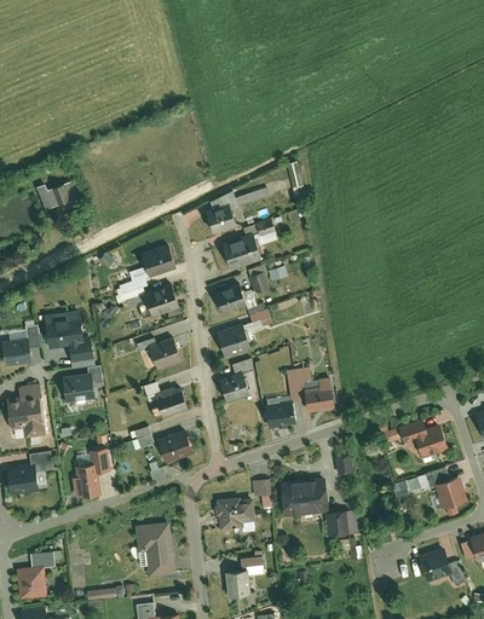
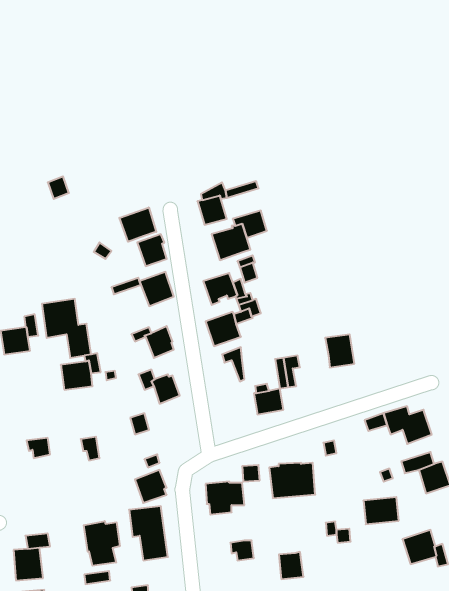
building: none -> [119,207,156,242]
building: [215,372,248,403] -> none
building: [302,377,333,411] -> [325,334,354,367]
building: [8,383,46,438] -> none
building: [159,428,191,462] -> [135,470,167,503]
building: [8,464,40,494] -> none
building: [67,465,96,501] -> none
building: [323,509,359,537] -> [363,497,399,524]
building: none -> [84,521,120,566]
building: [223,569,248,597] -> [279,552,304,579]

